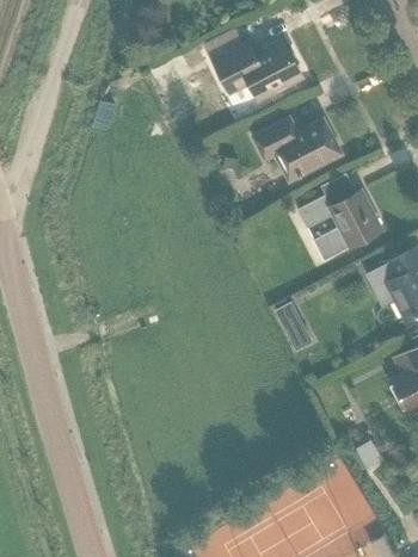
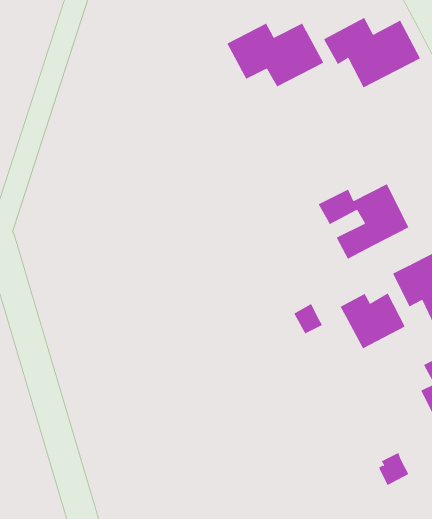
building: [252,116,343,181] -> [323,17,421,88]
building: none -> [340,293,406,349]

